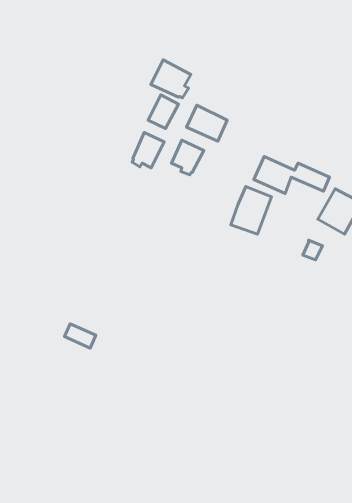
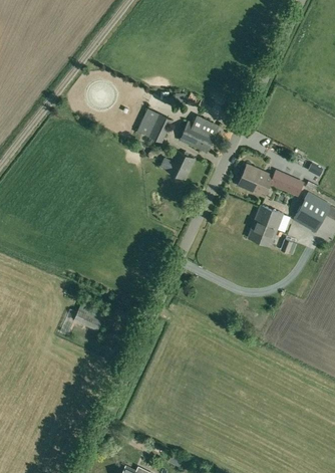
building: [151,60,191,98] -> none
building: [132,132,164,168] -> none
building: [231,186,272,234] -> [248,205,283,246]

